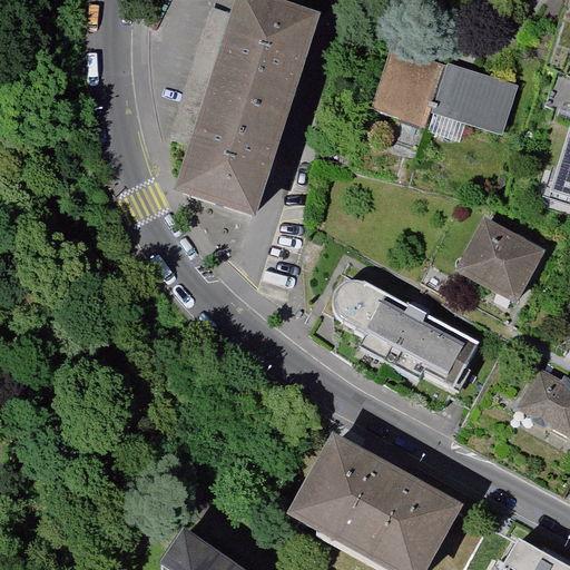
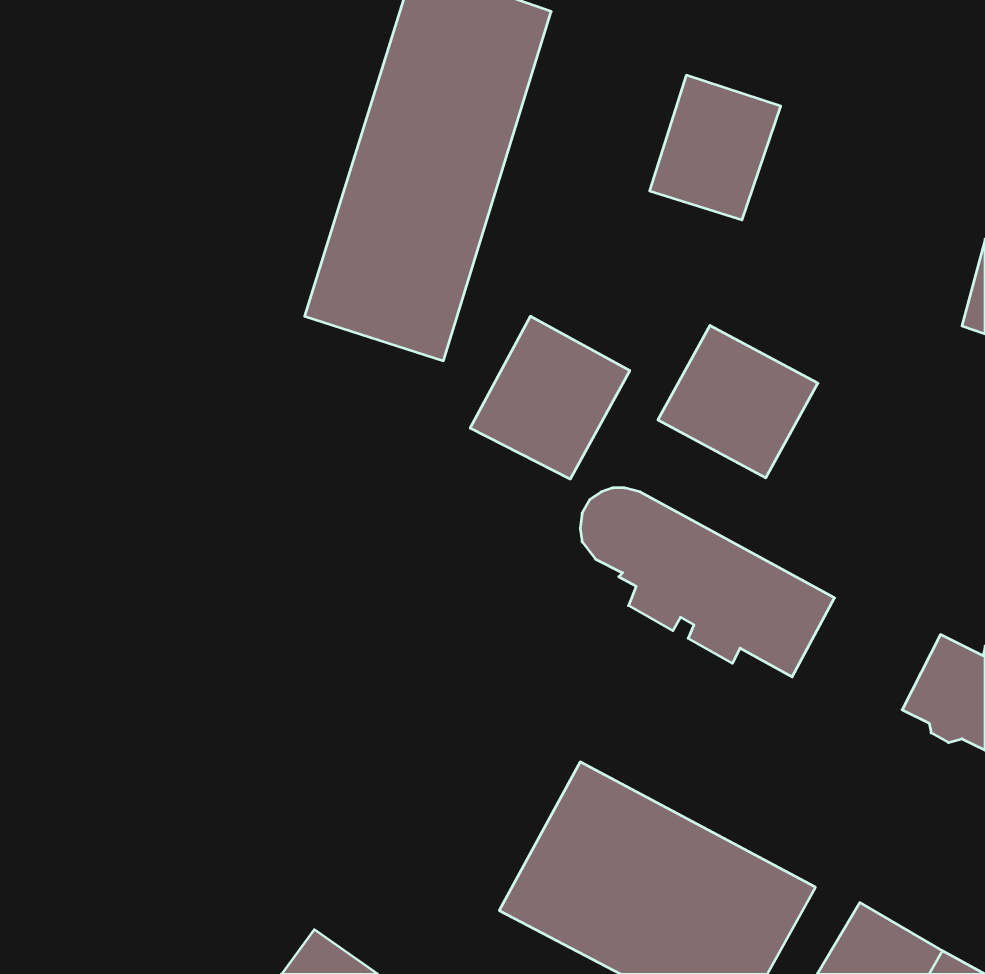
building: [429,61,521,138] -> none
building: none -> [470,316,630,479]
building: [459,217,551,305] -> [658,325,818,478]

